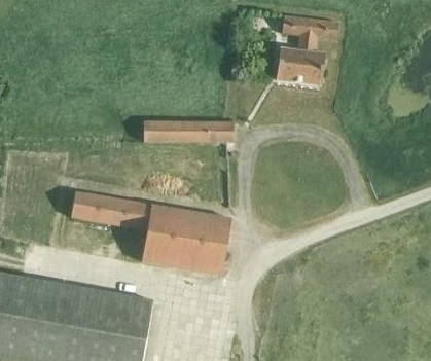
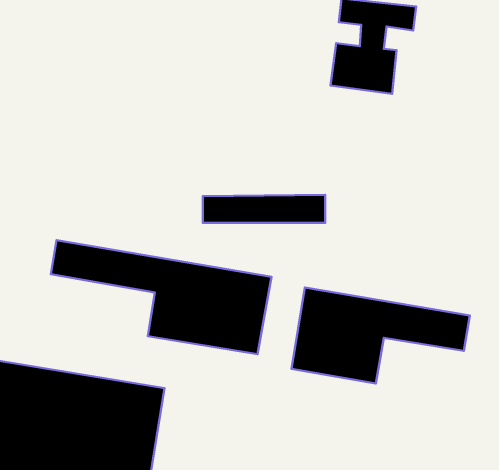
building: [143,120,232,141] -> [203,195,325,223]
building: none -> [292,287,470,383]

